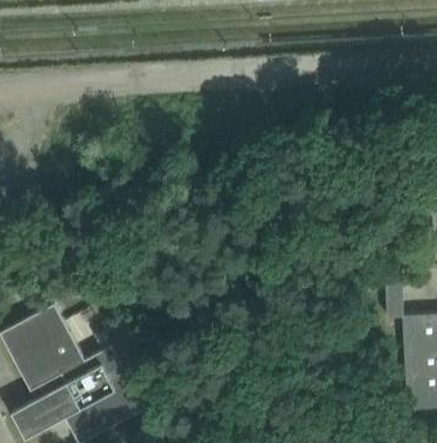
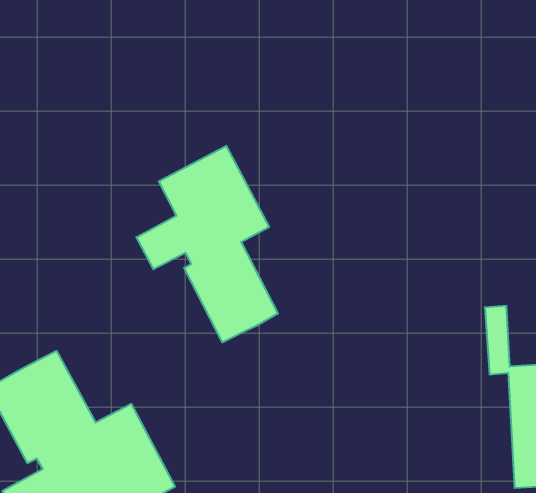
building: none -> [136,146,278,342]

